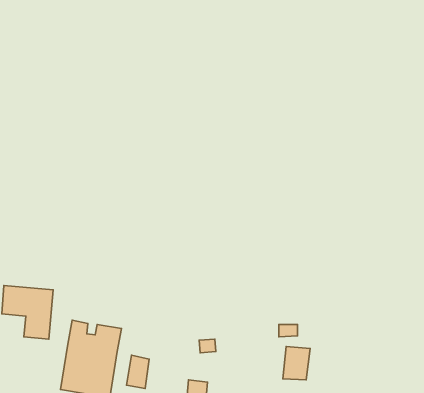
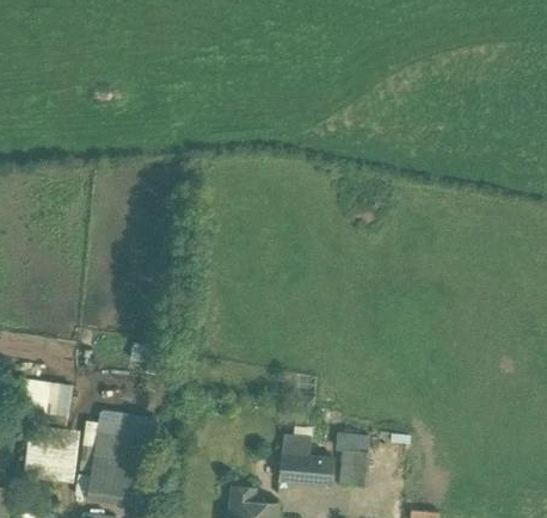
building: none -> [277,433,333,487]
building: [126,355,149,388] -> none

